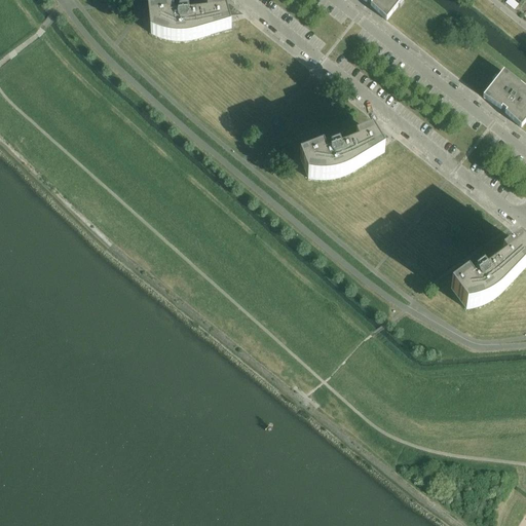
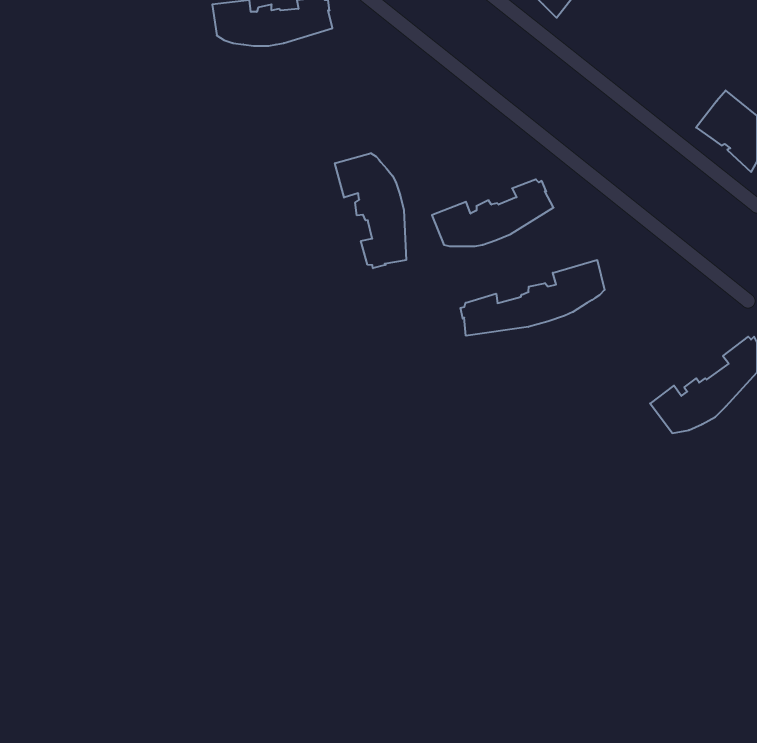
building: none -> [335,153,406,268]
building: none -> [460,260,605,336]

